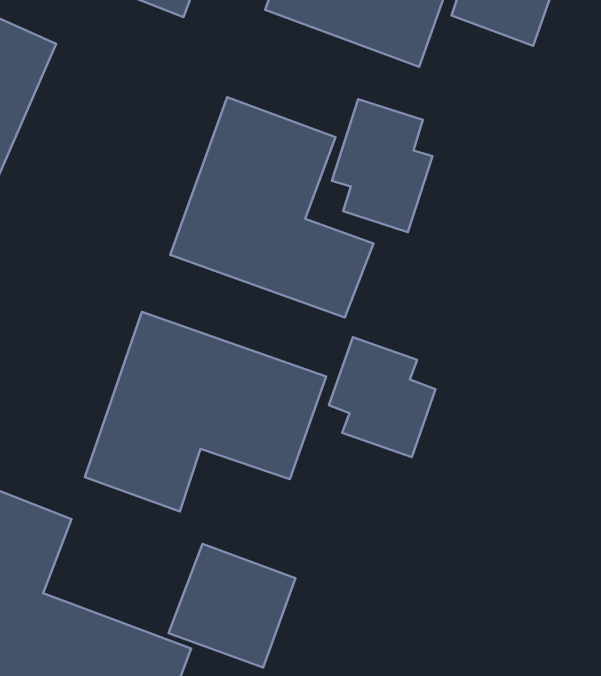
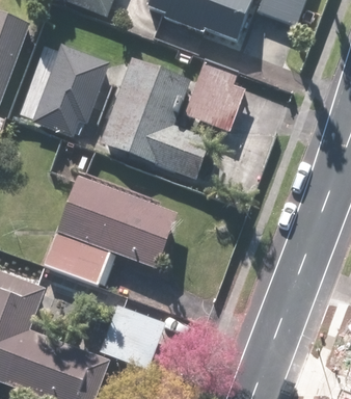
building: none -> [18,41,94,132]
building: [329,337,436,457] -> none

